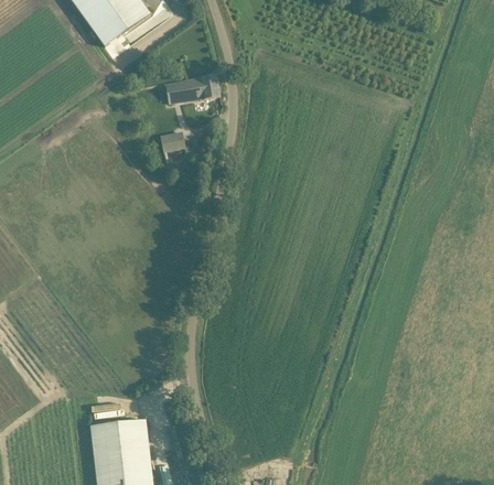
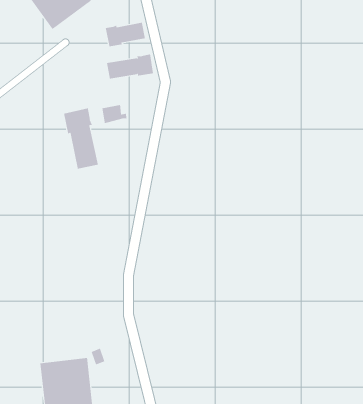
building: none -> [105,22,145,47]
building: none -> [64,108,99,169]

